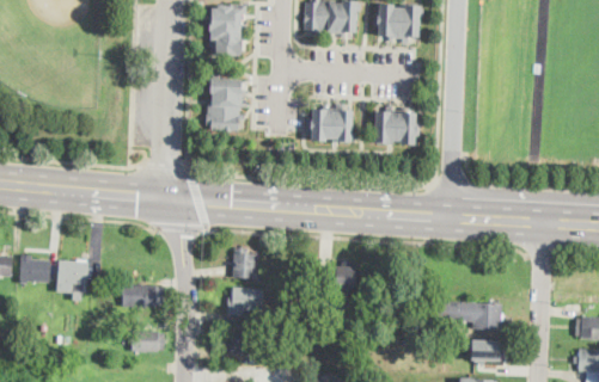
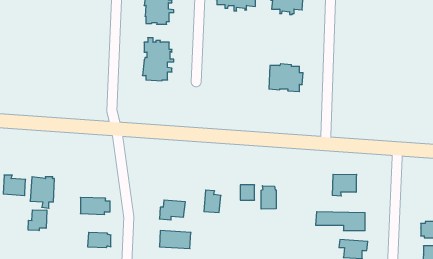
building: [306,107,355,141] -> none
building: [233,248,256,278] -> [204,190,221,212]
building: none -> [332,174,356,196]
building: none -> [261,186,276,209]
building: none -> [28,210,47,231]

